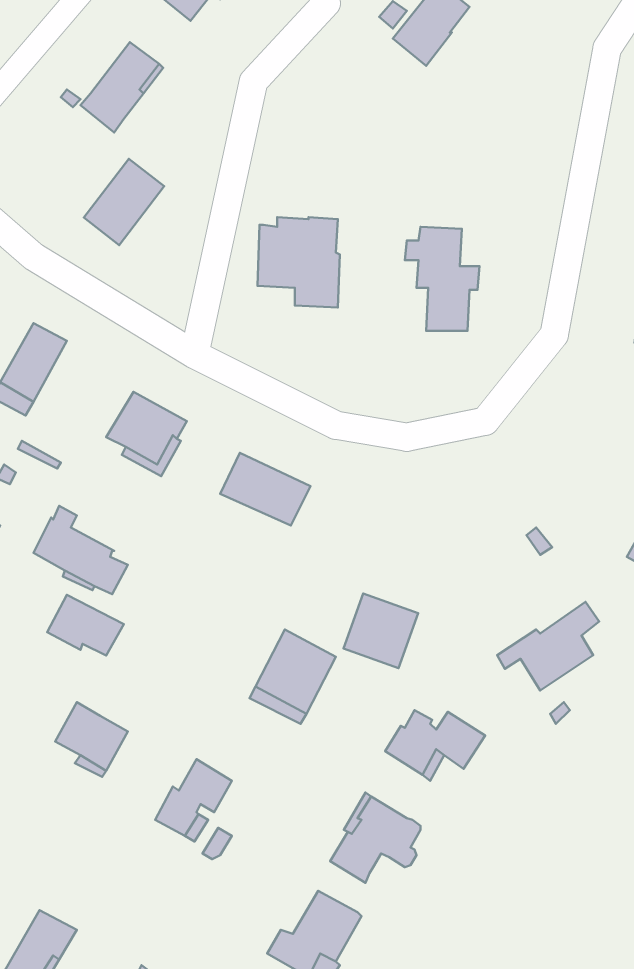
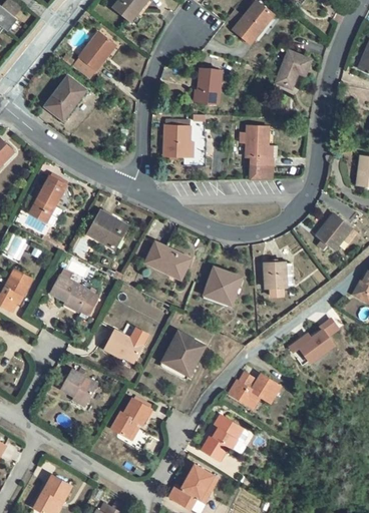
building: none -> [275,51,311,89]
building: none -> [198,70,220,103]
building: [84,159,164,245] -> [44,76,85,120]
building: none -> [315,213,351,249]
building: none -> [263,263,292,295]
building: [344,594,418,668] -> [203,267,241,305]
building: [47,595,124,656] -> [103,330,142,361]

